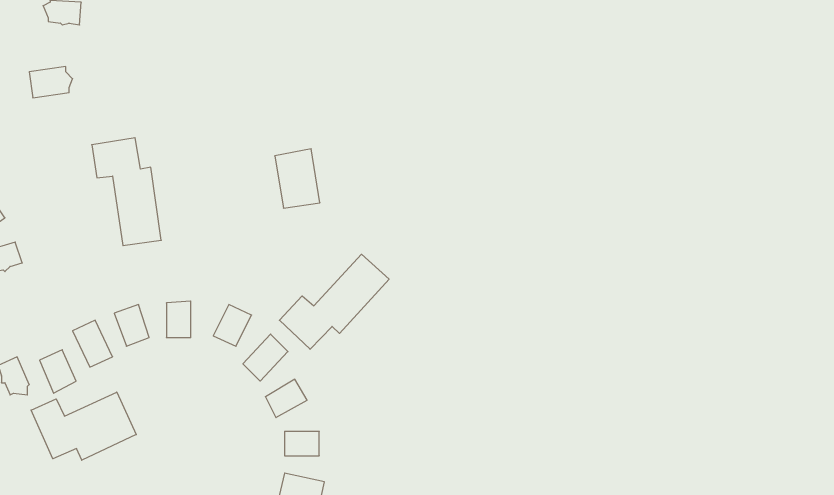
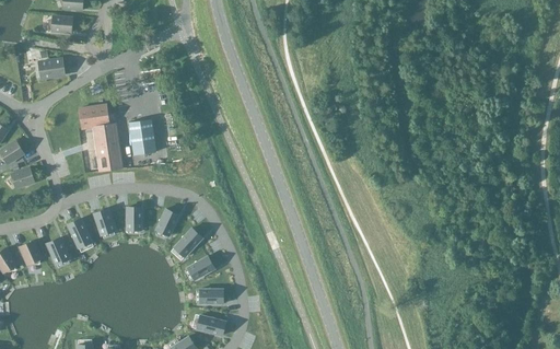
building: [275,149,320,208] -> [128,117,156,154]
building: [279,254,389,349] -> none
building: [31,392,136,460] -> none

